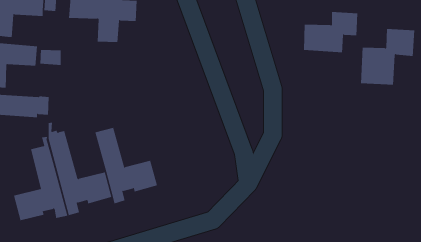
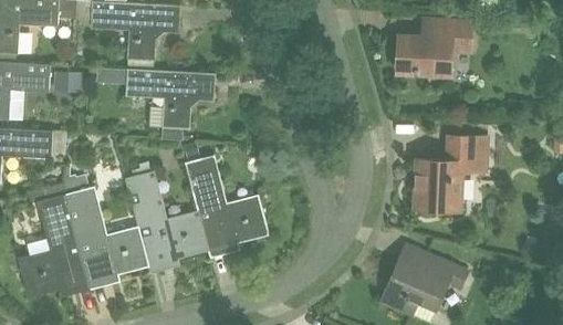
building: [360,29,415,85] -> [415,135,487,209]
building: none -> [126,67,217,139]
building: none -> [181,140,270,254]
building: none -> [380,252,466,315]

